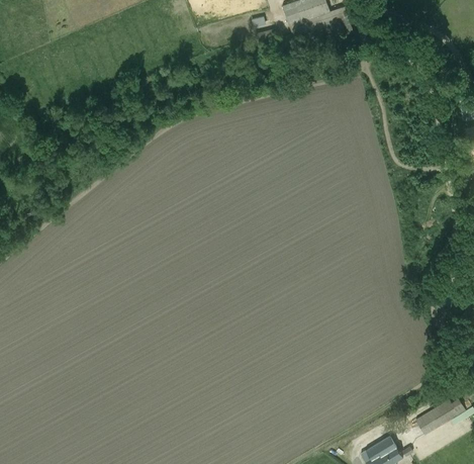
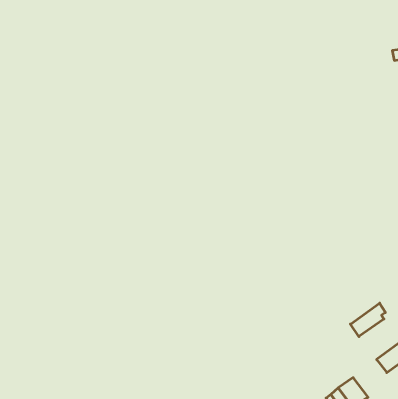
building: none -> [350,303,385,337]

